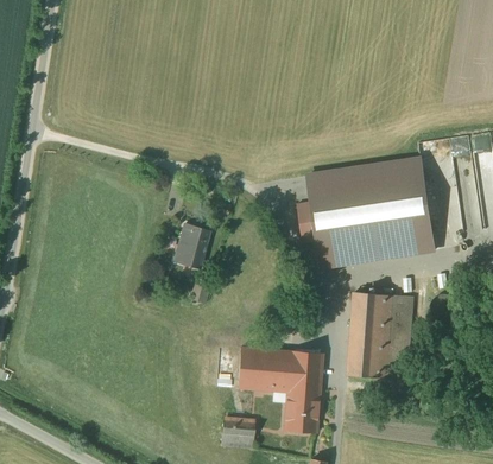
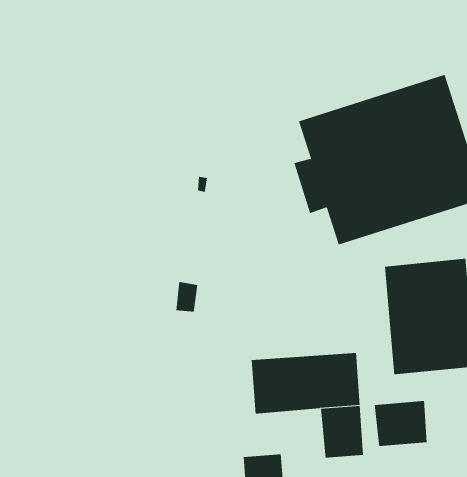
building: [173,223,209,267] -> none
building: none -> [374,400,427,447]

